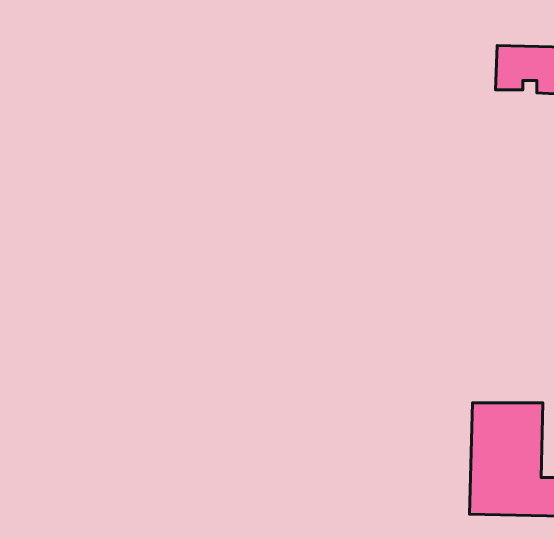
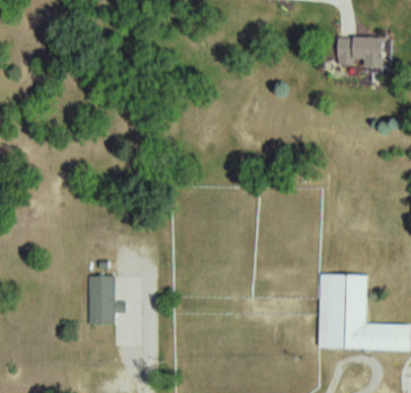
building: none -> [88,277,124,325]

